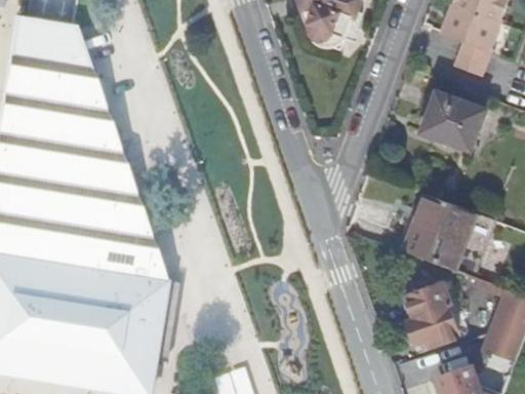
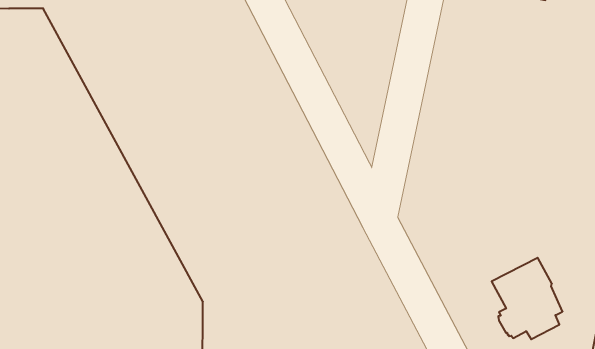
building: [423,91,486,151] -> none
building: [407,194,476,272] -> none

